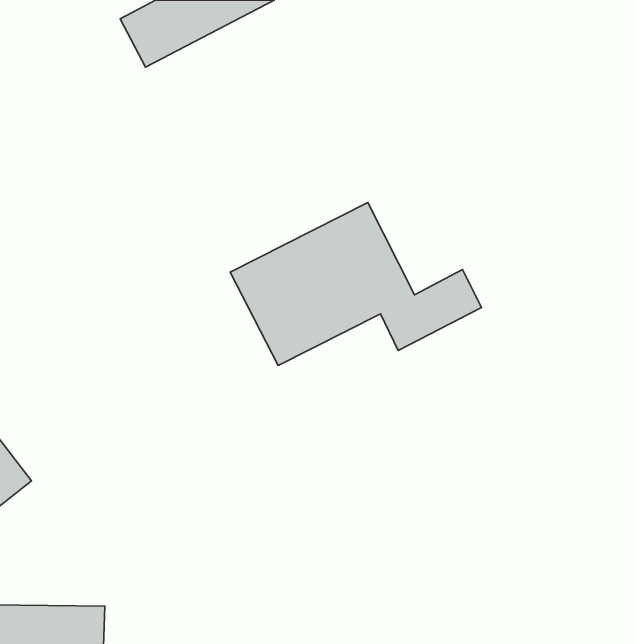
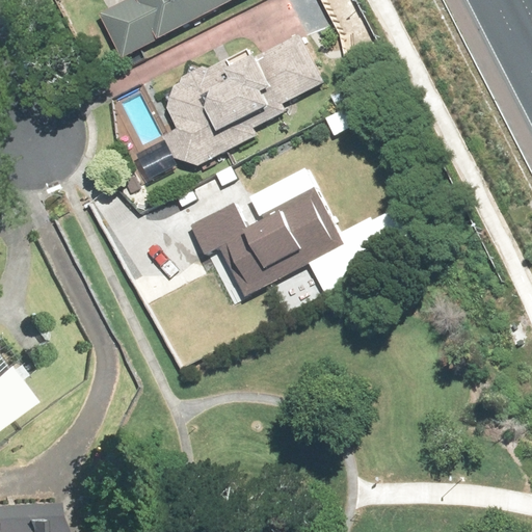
building: none -> [163,35,324,166]

